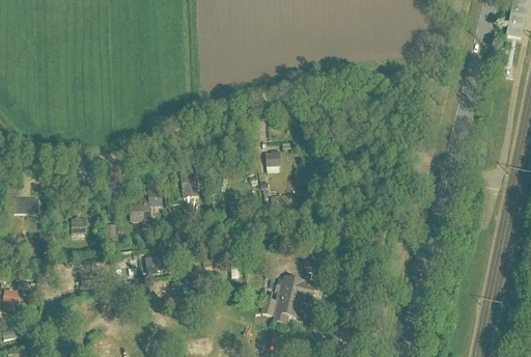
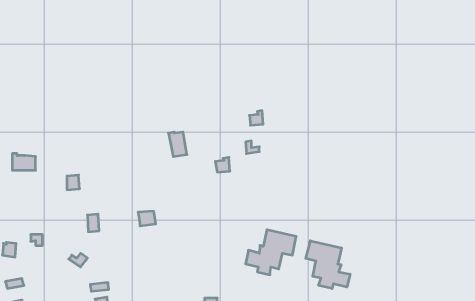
building: [130,193,158,222] -> none
building: none -> [306,241,350,289]

